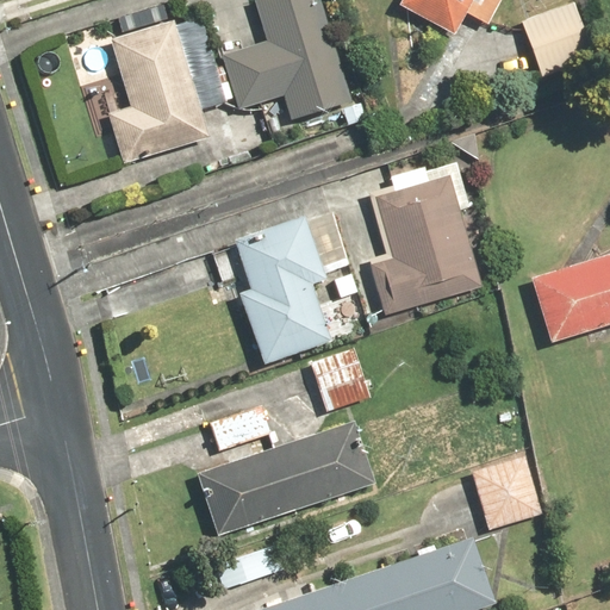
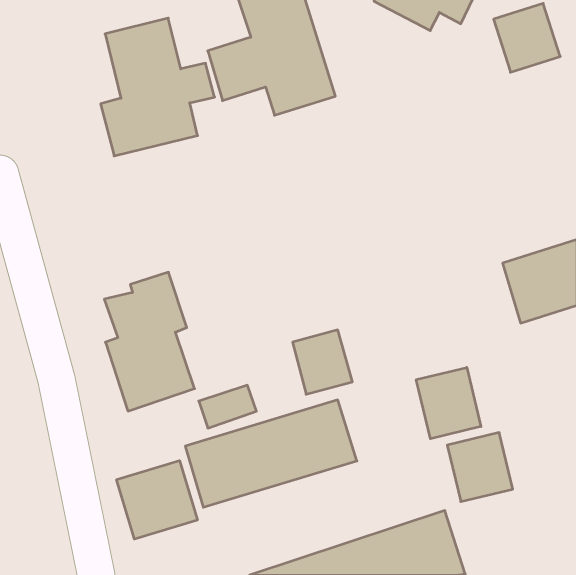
building: [367,158,480,313] -> none
building: [236,219,331,366] -> [104,272,195,411]
building: none -> [416,367,481,439]
building: none -> [117,461,197,539]

